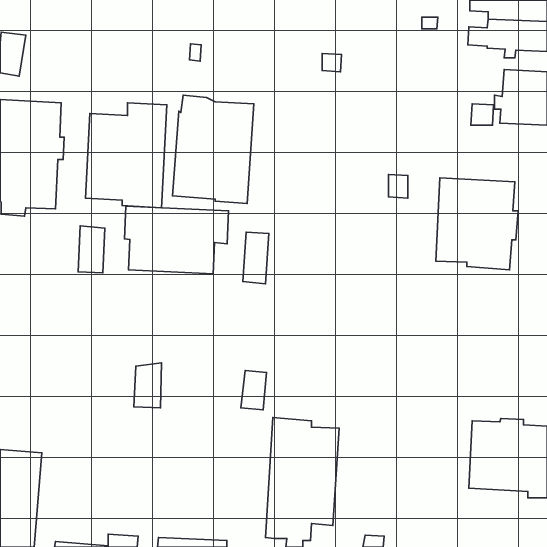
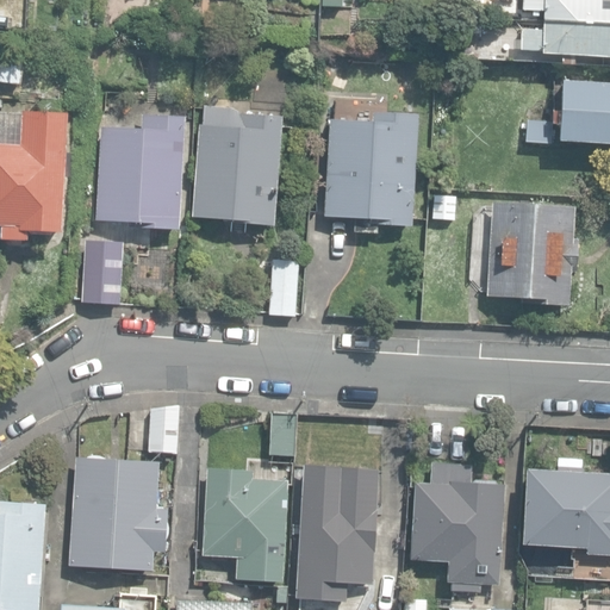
building: none -> [325,111,419,232]
building: [124,206,229,274] -> none
building: none -> [70,459,168,571]
building: none -> [411,465,502,592]
building: none -> [203,468,287,581]

